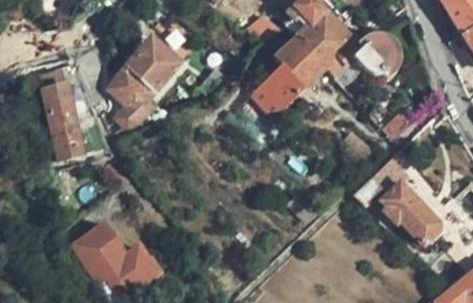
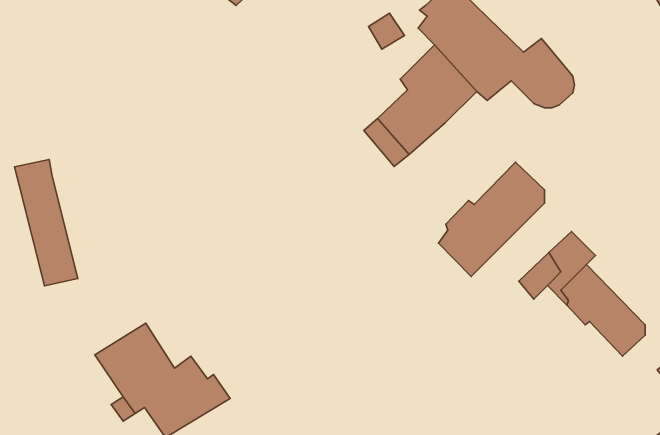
building: [110,37,180,125] -> none
building: [40,73,82,157] -> [15,159,78,286]
building: none -> [438,162,545,277]

